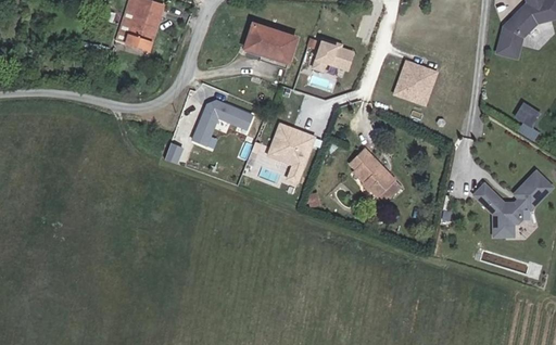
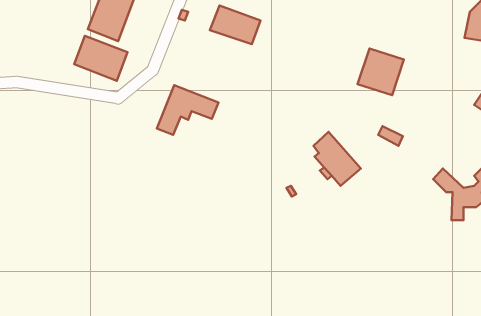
building: [309,40,354,75] -> none
building: none -> [74,36,128,81]
building: [267,126,316,188] -> none

